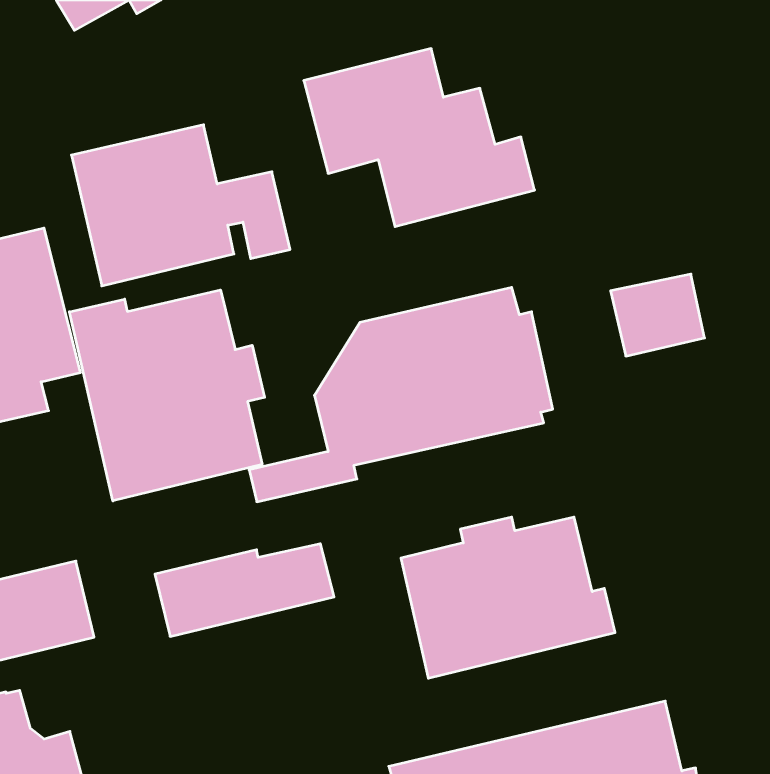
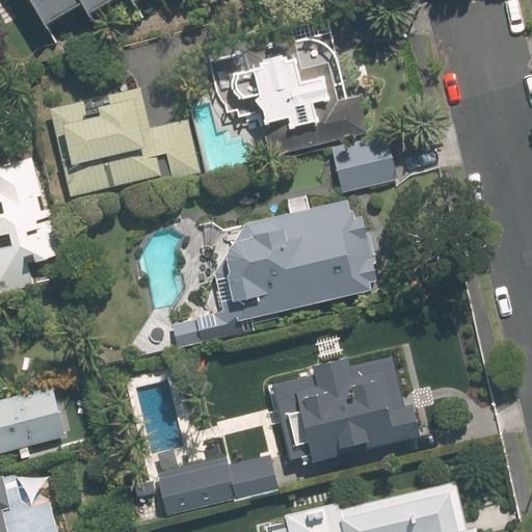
building: [611,274,705,356] -> [331,136,396,192]
building: [69,290,265,501] -> none
building: [155,544,334,636] -> [157,452,280,515]

